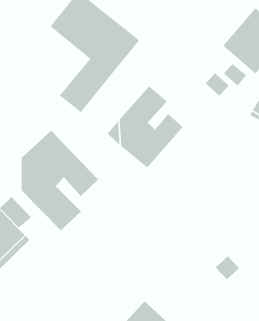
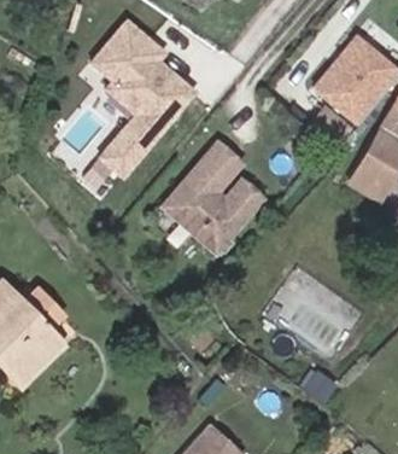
building: [21,130,99,231] -> none

